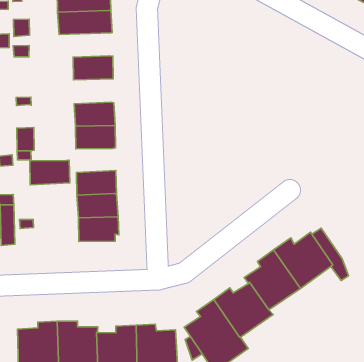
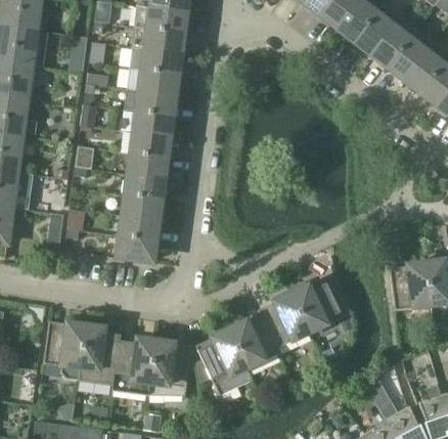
building: none -> [127,68,178,95]
building: none -> [133,111,172,137]
building: [30,160,70,185] -> [125,173,164,199]

